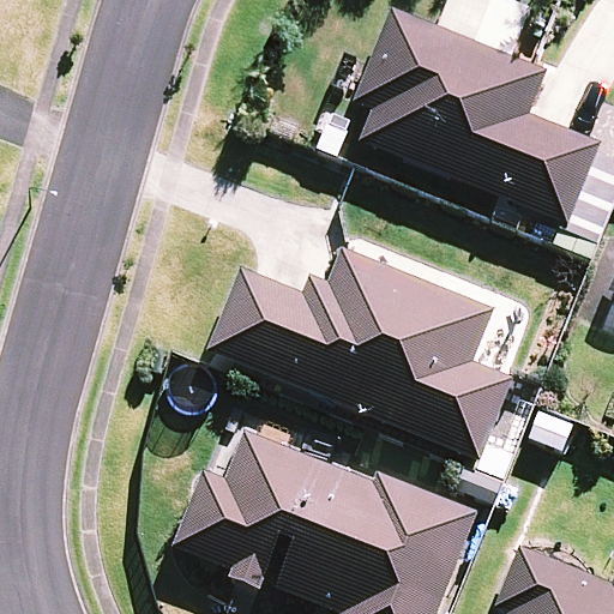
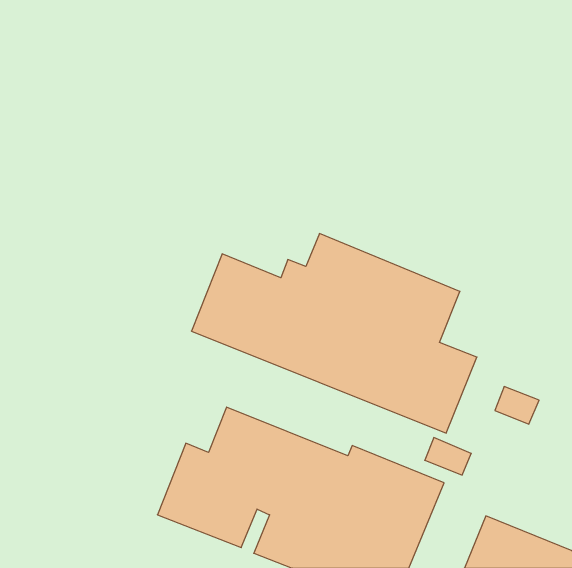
building: [354,7,602,224] -> none

